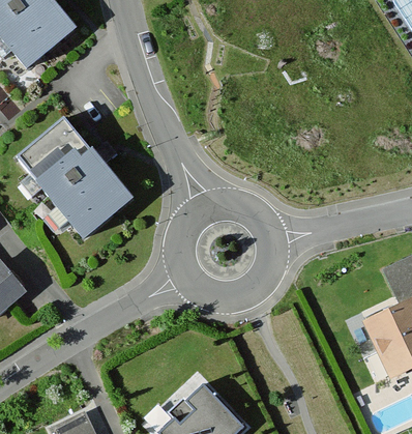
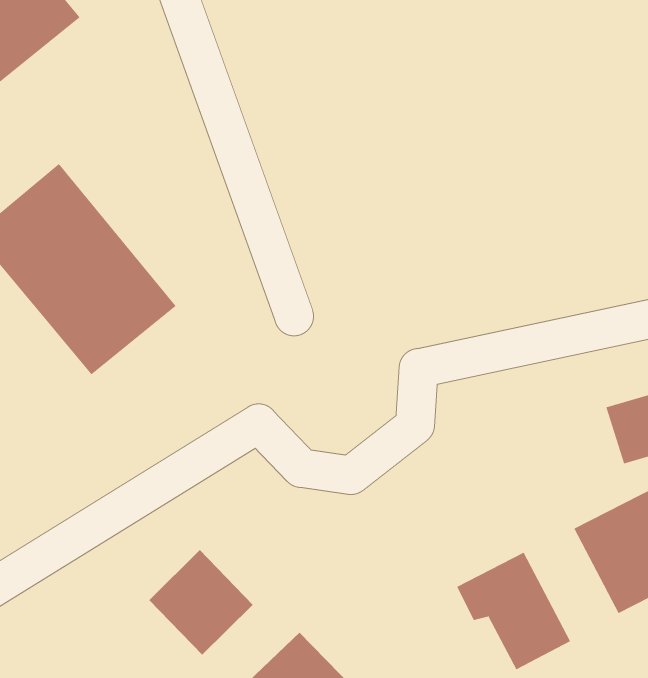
building: none -> [148,549,254,655]
building: none -> [456,552,571,670]

